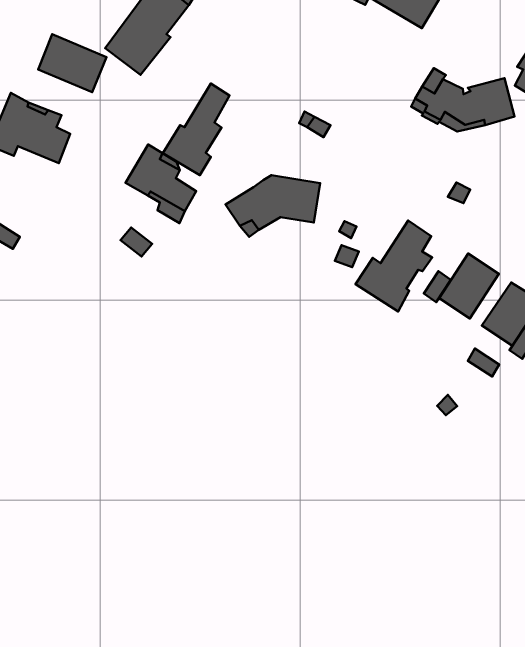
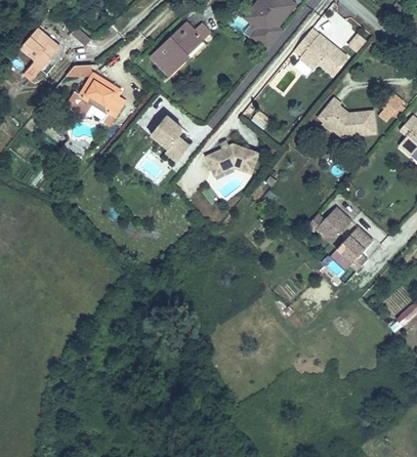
building: [38,34,106,92] -> none
building: [163,83,230,175] -> none
building: [356,220,432,312] -> none

